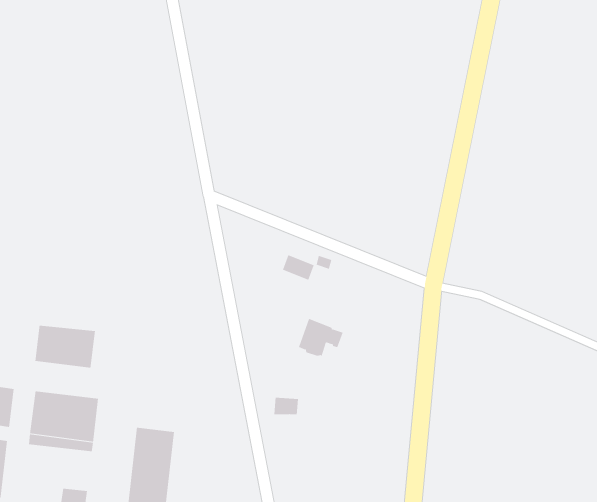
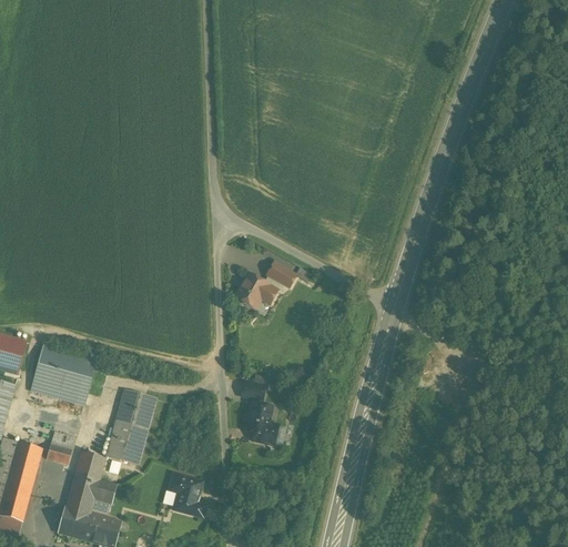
building: [298,318,343,357] -> [236,273,276,307]
building: [35,325,95,368] -> none
building: none -> [245,402,277,444]

